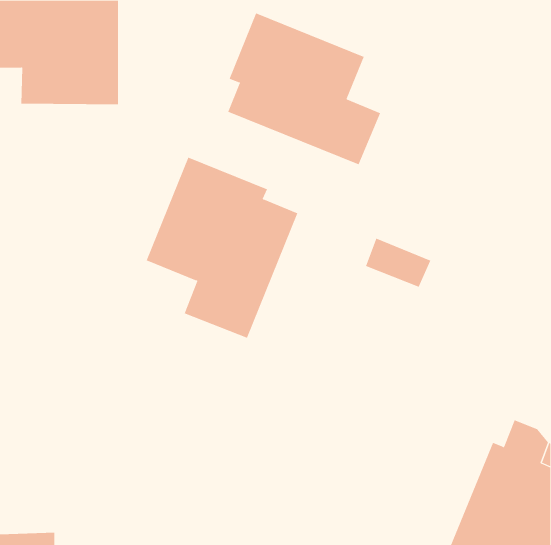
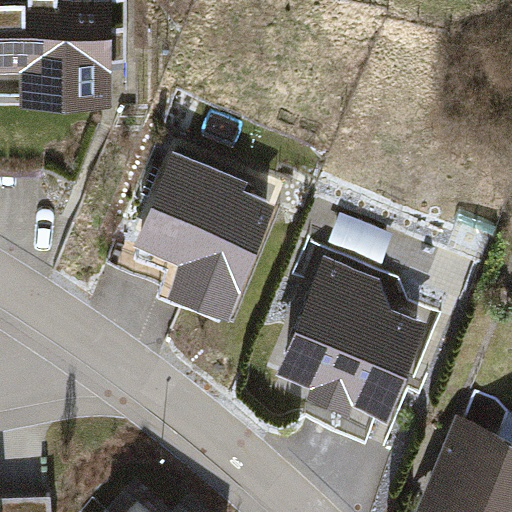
building: [228,13,381,165] -> none
building: none -> [280,258,426,417]

